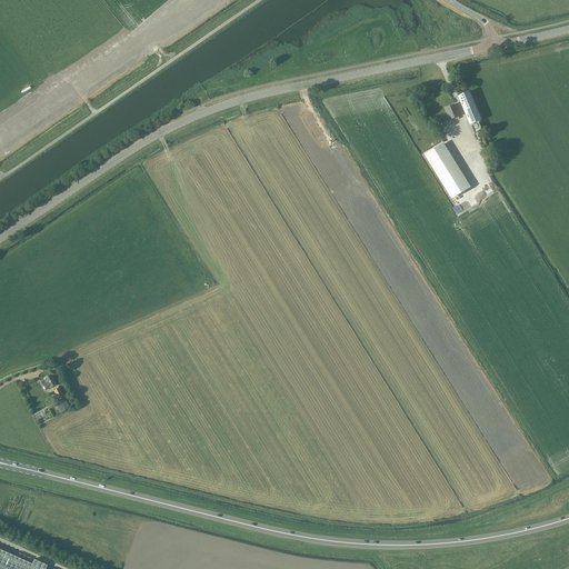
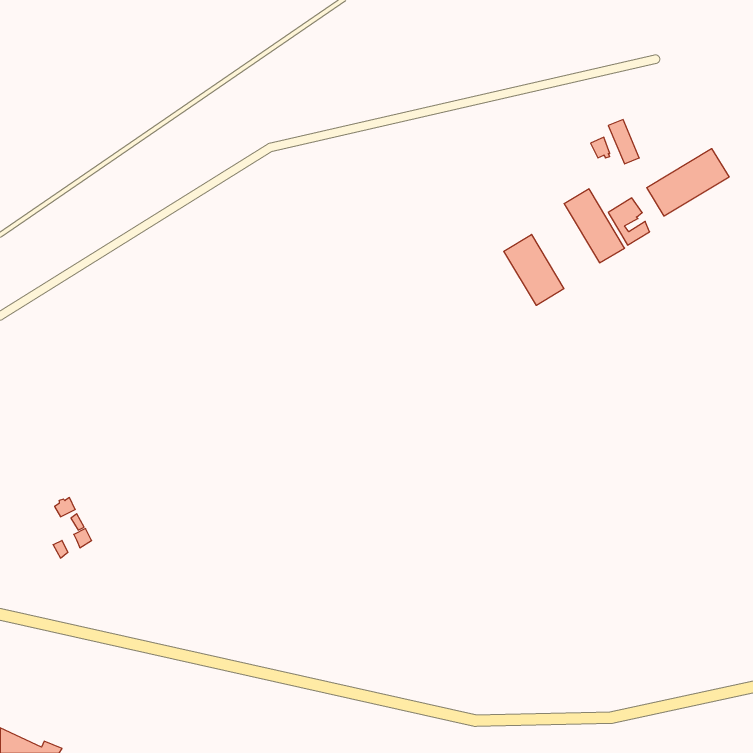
building: none -> [647,149,729,216]
building: none -> [504,234,564,305]

